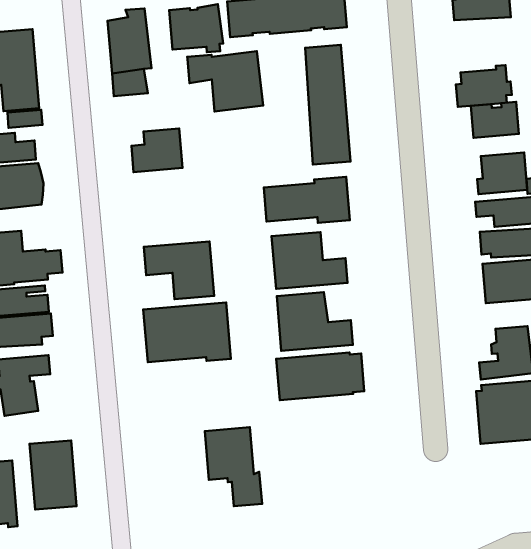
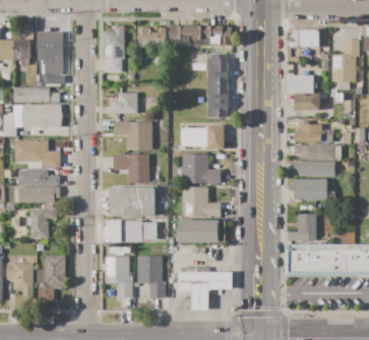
building: [187,51,263,111] -> [114,120,152,151]
building: none -> [105,220,157,242]
building: none -> [105,256,133,297]
building: none -> [178,267,232,308]

